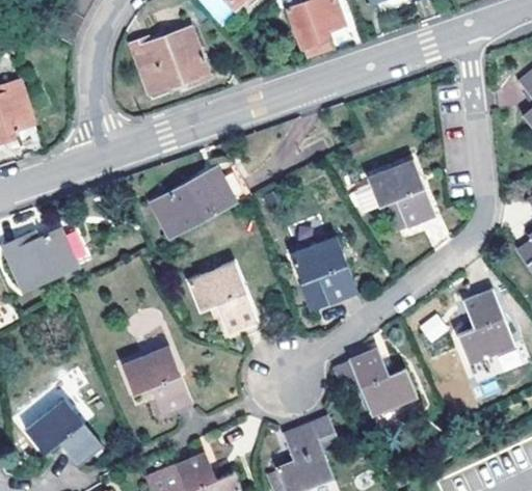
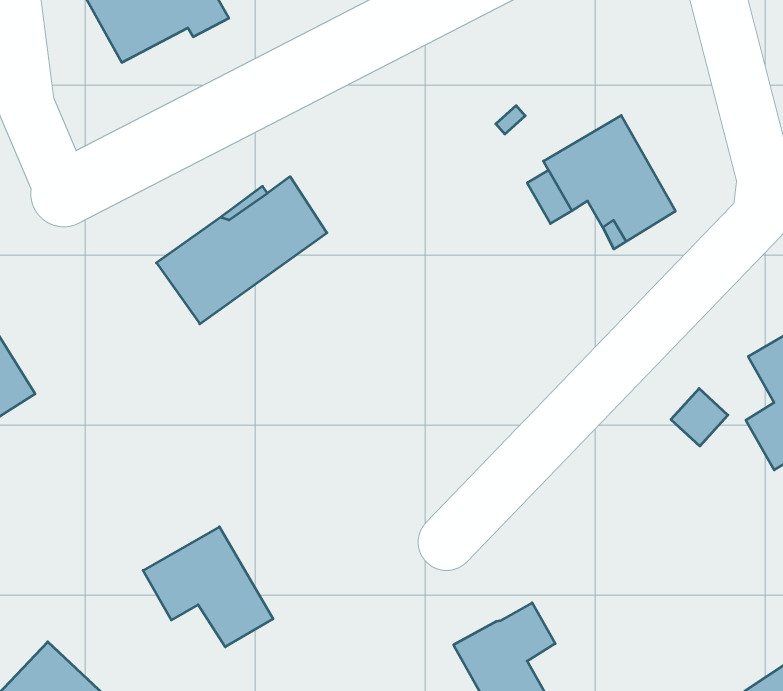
building: [290,237,357,311] -> none
building: [188,263,257,330] -> none
building: [335,348,419,415] -> none

